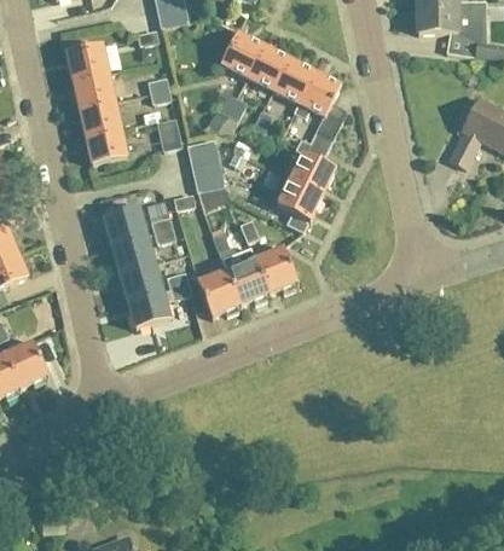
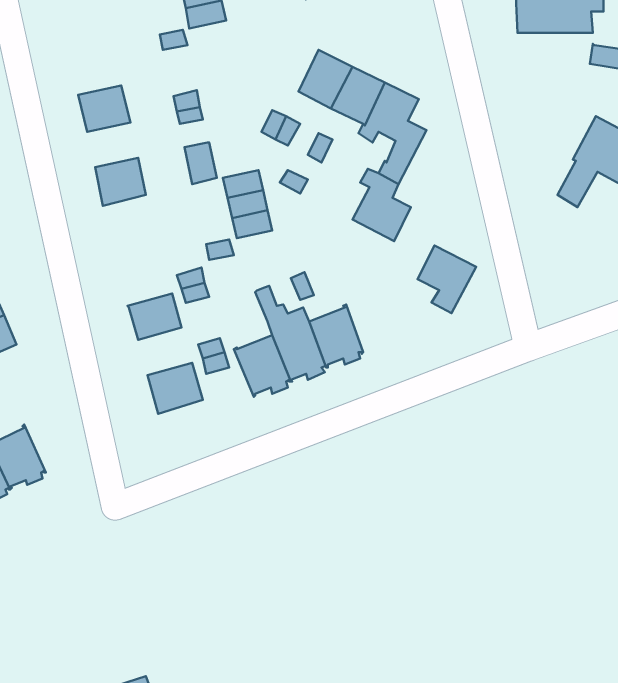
building: [219,31,262,77] -> none
building: [68,44,108,80] -> none
building: [81,102,121,137] -> none
building: [276,178,321,231] -> [417,245,476,313]
building: [105,207,147,245] -> none
building: [121,262,163,300] -> none

